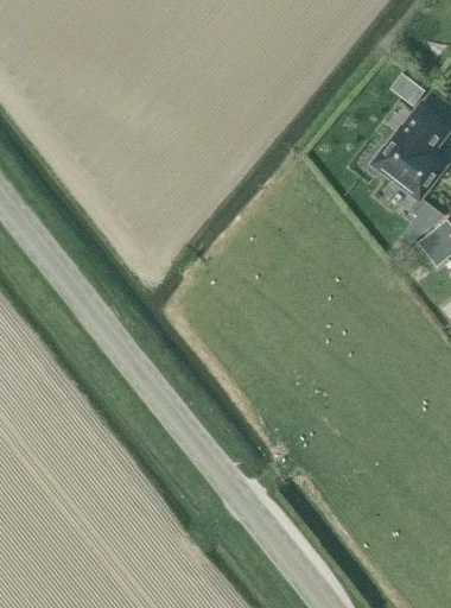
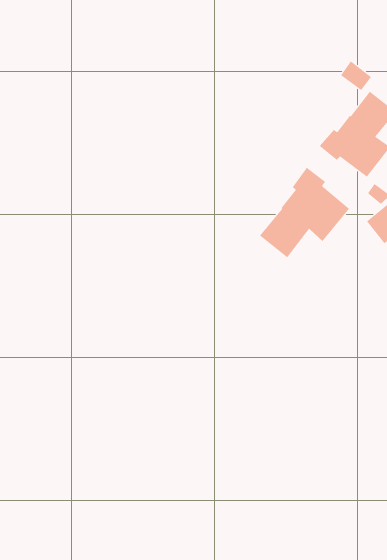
building: none -> [259,167,350,258]

